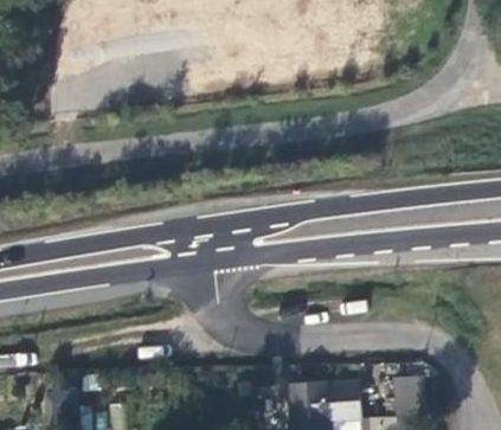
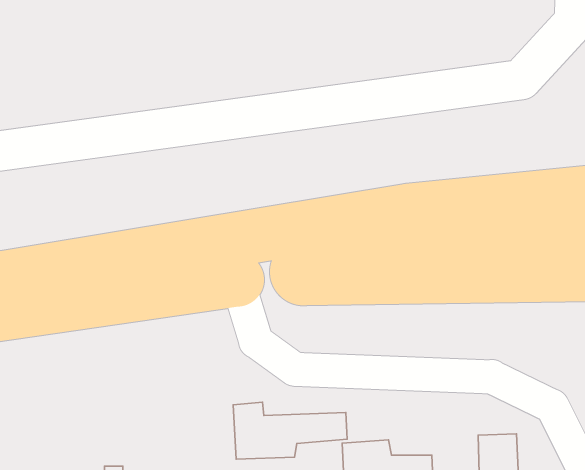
building: none -> [233,402,347,459]

